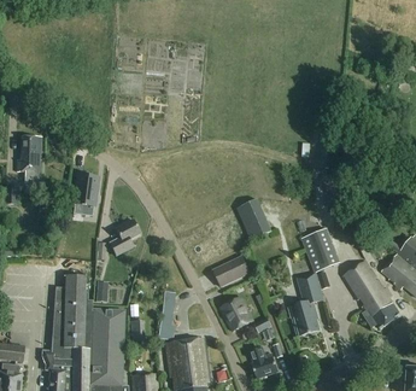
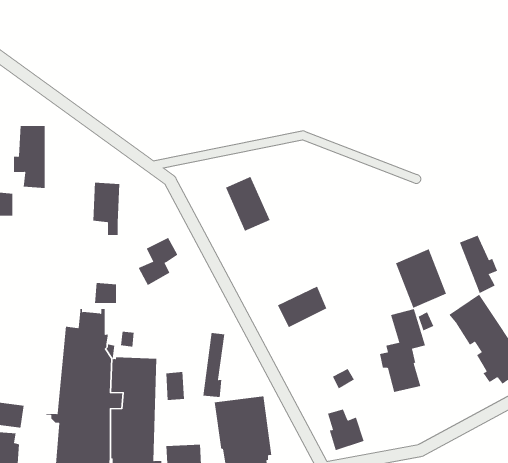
building: [238,198,271,239] -> [225,176,270,231]
building: none -> [459,235,498,294]
building: [221,296,253,329] -> none

